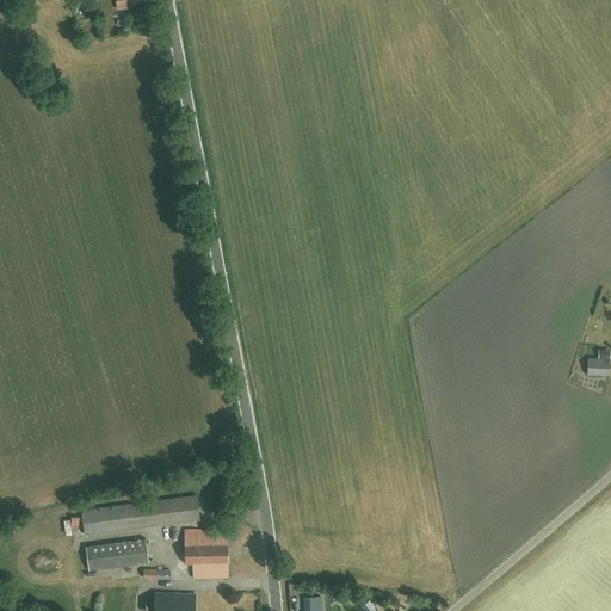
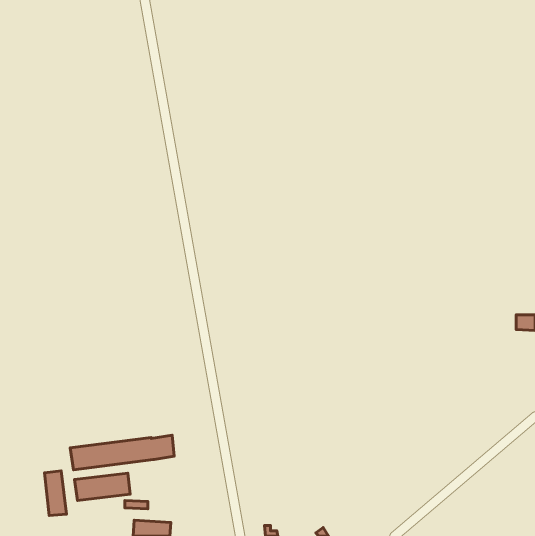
building: [183,529,228,578] -> none
building: none -> [44,471,66,516]

